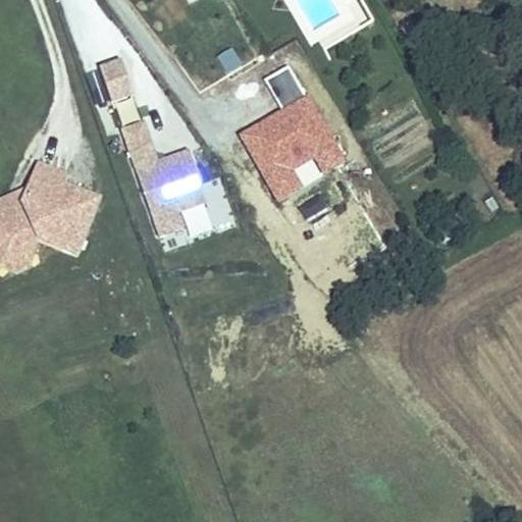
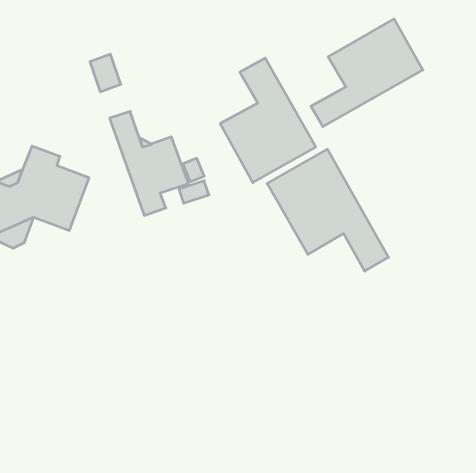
building: none -> [311,19,423,127]
building: none -> [267,149,389,271]

